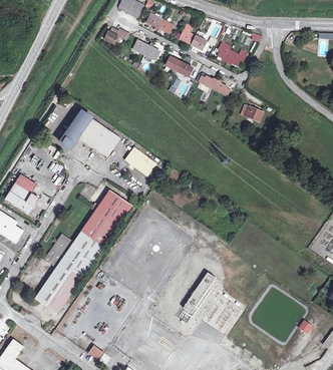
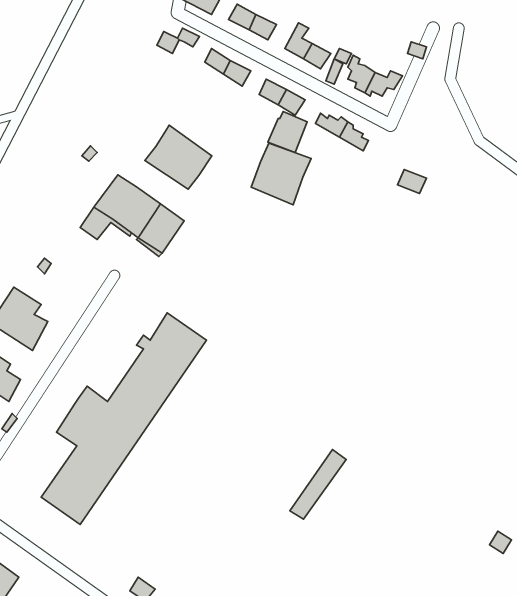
building: none -> [145,125,212,189]
building: none -> [251,143,311,205]
building: [123,145,157,175] -> none

